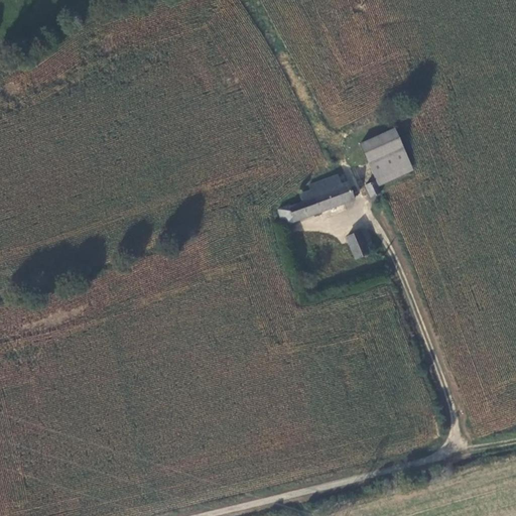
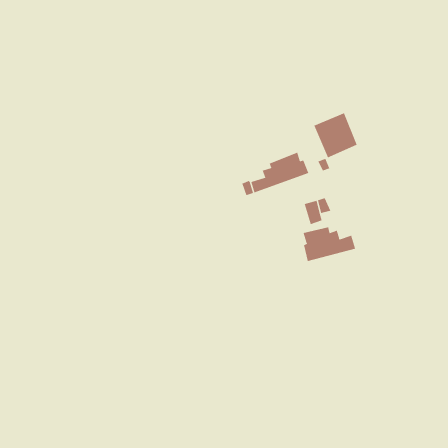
building: none -> [303,227,356,262]

